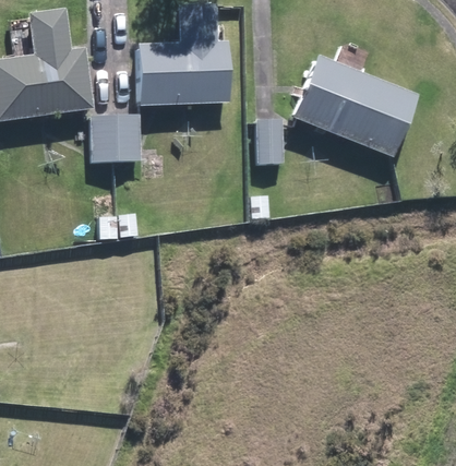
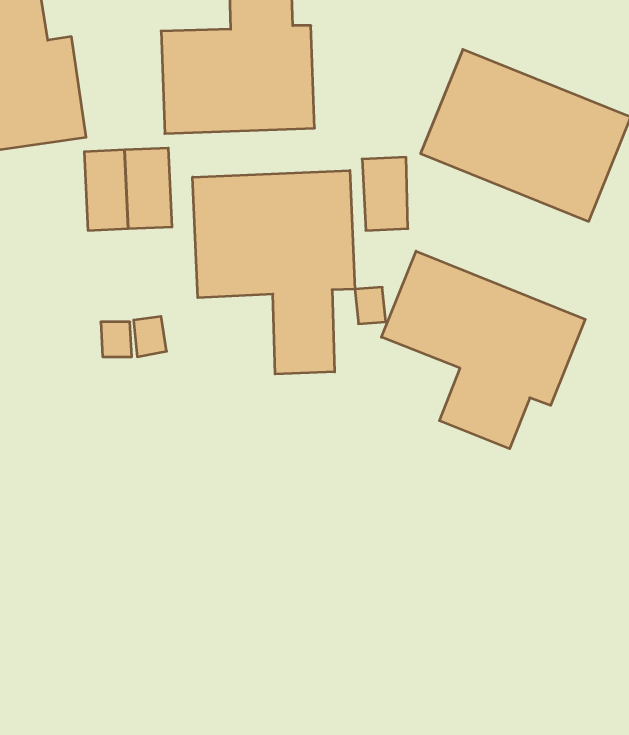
building: none -> [193,170,355,374]
building: none -> [381,251,585,449]

